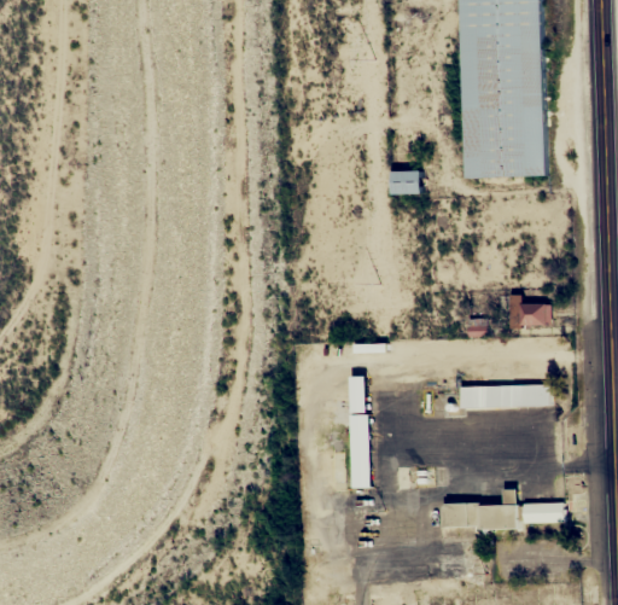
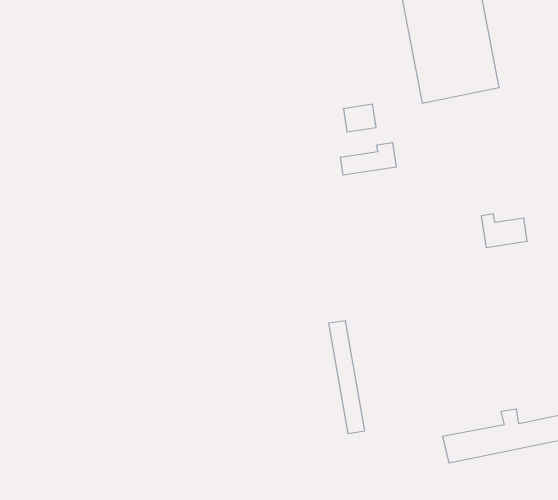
building: none -> [340,142,396,175]
building: [454,384,549,408] -> none

